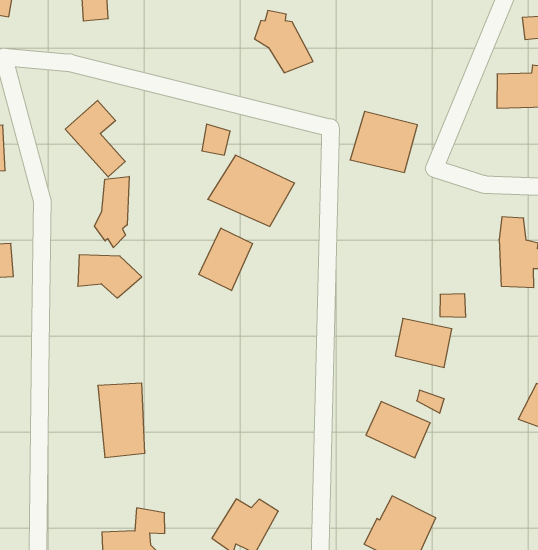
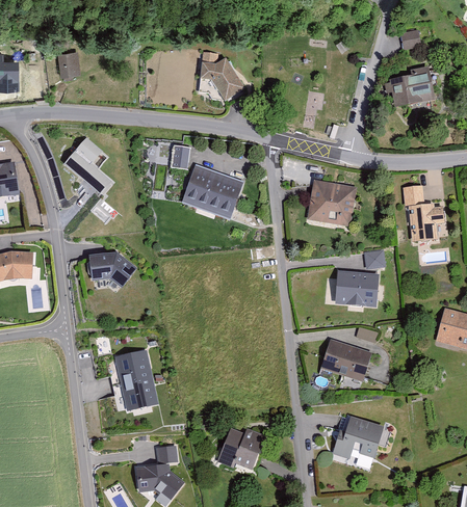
building: [350,111,417,172] -> [307,181,355,223]
building: [95,176,129,248] -> none
building: [199,228,253,291] -> none

